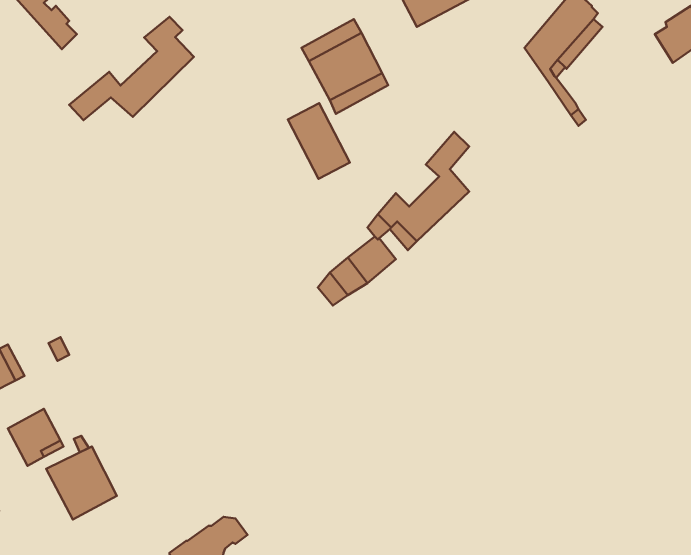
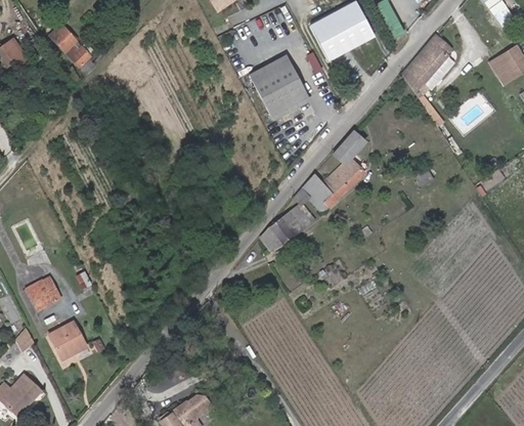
building: [69,17,194,120] -> none
building: [288,103,350,179] -> none
building: [46,447,117,519] -> none

